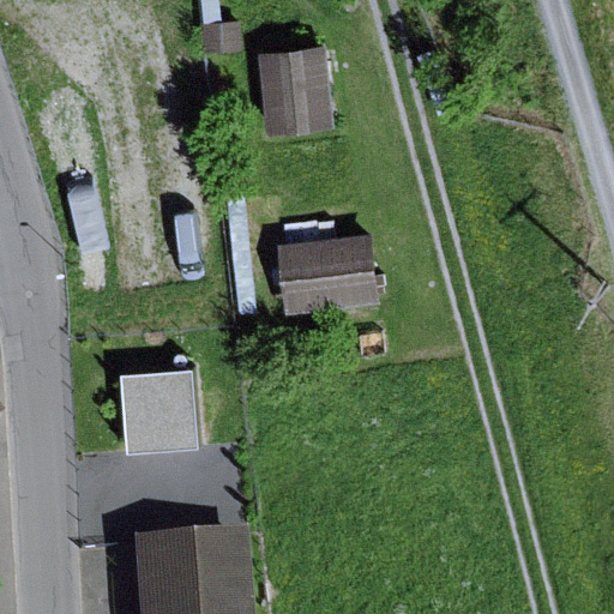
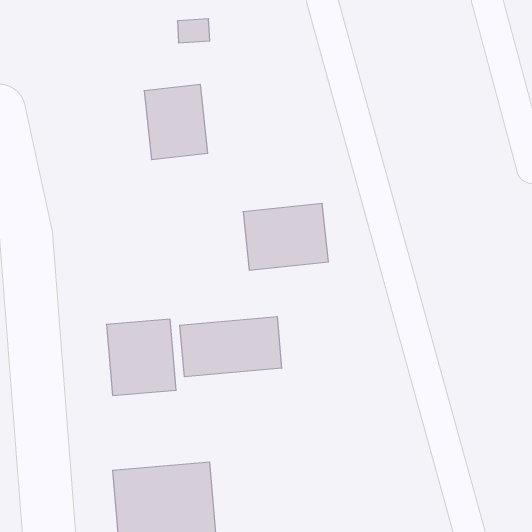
building: [257,48,330,134] -> [144,84,208,160]
building: none -> [180,316,282,377]

